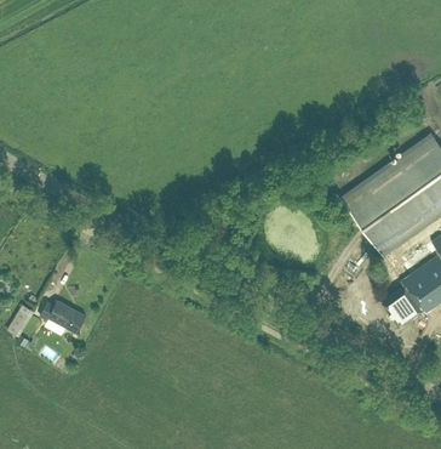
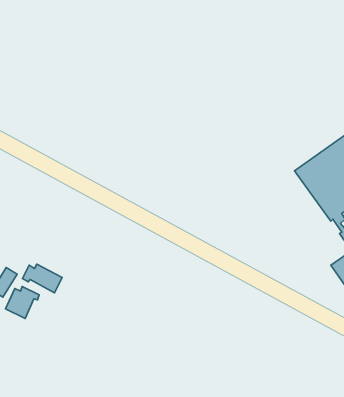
building: none -> [5,286,39,319]

